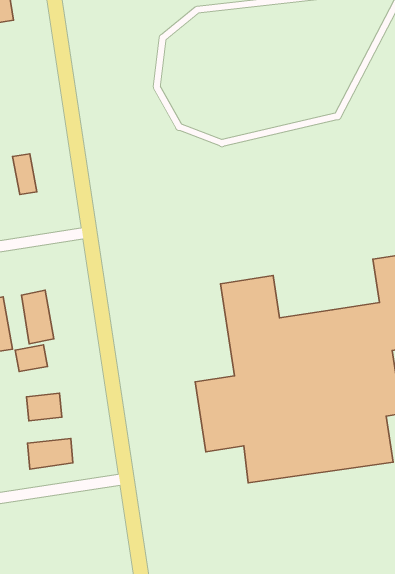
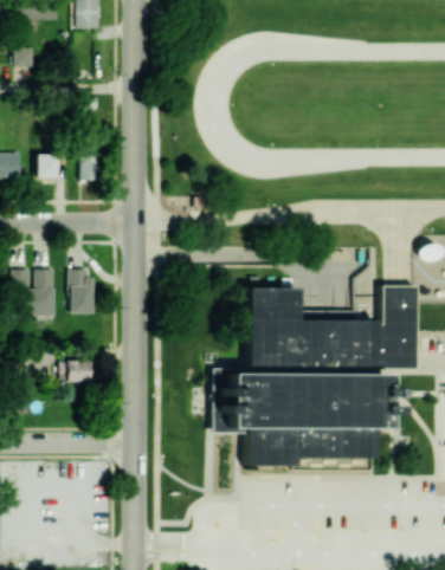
building: [15,345,48,372] -> none
building: [27,438,73,469] -> none

